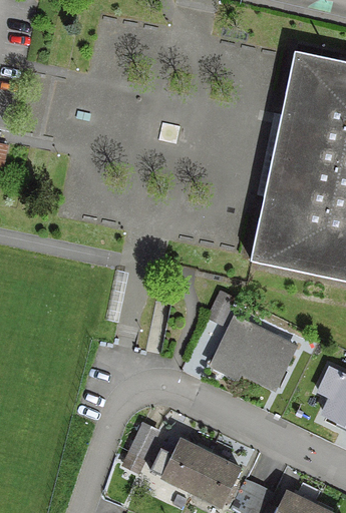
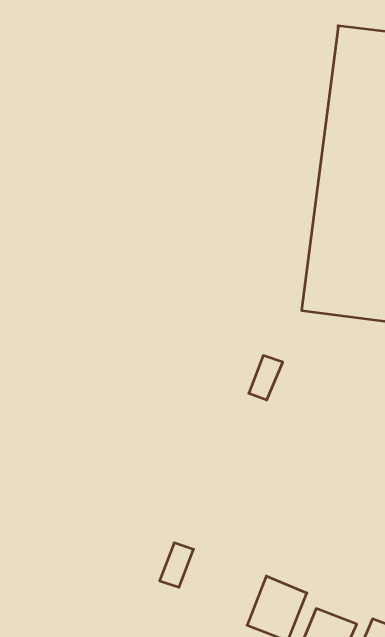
building: [214,319,292,388] -> none
building: [161,441,208,490] -> none

